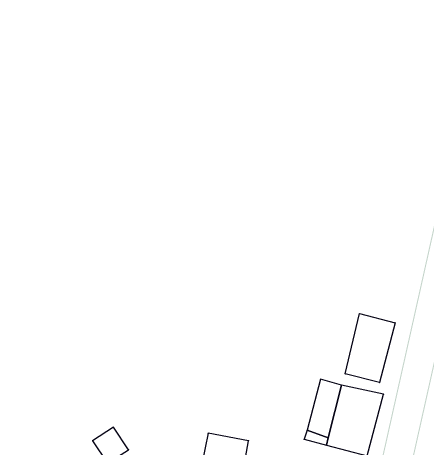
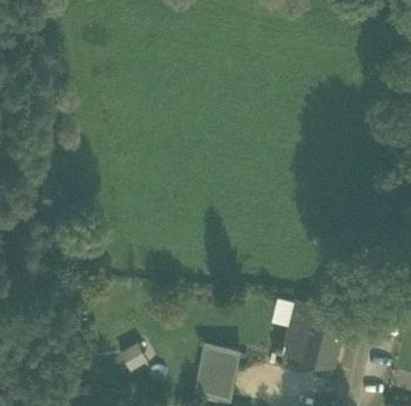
building: [345,314,395,383] -> none

